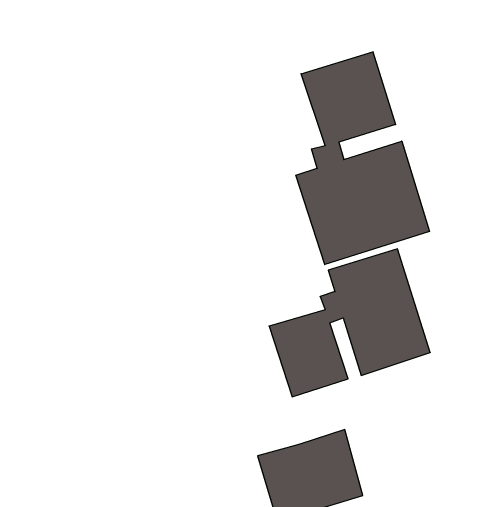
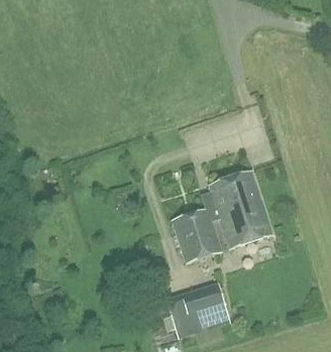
building: [296,52,429,265] -> none

